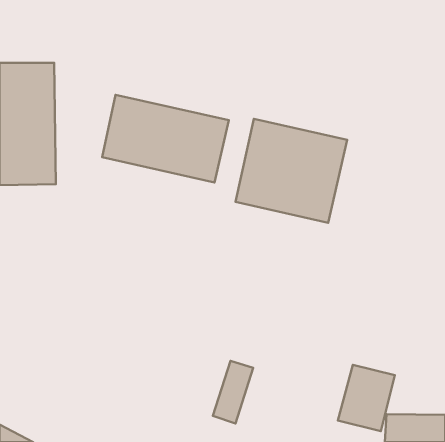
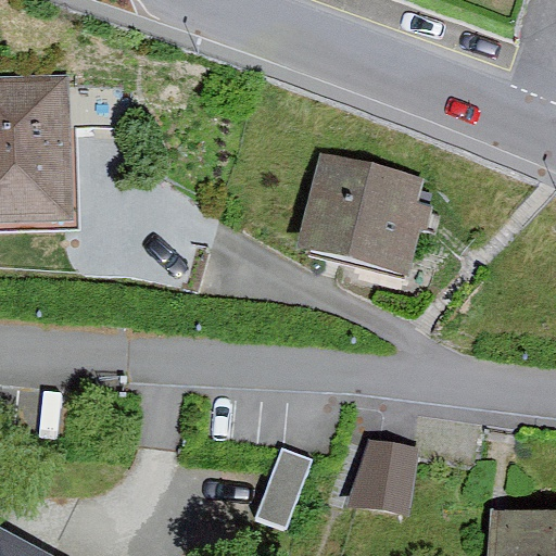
building: [102,95,229,182] -> none
building: [338,365,395,431] -> [356,435,427,518]

